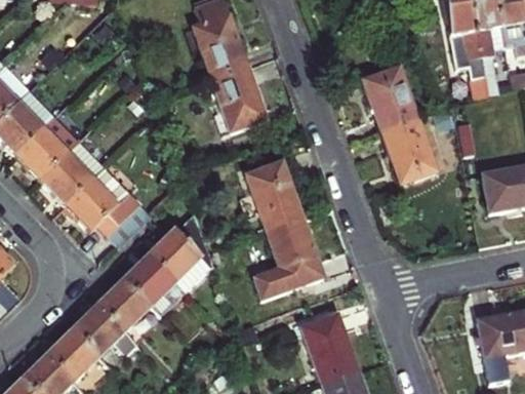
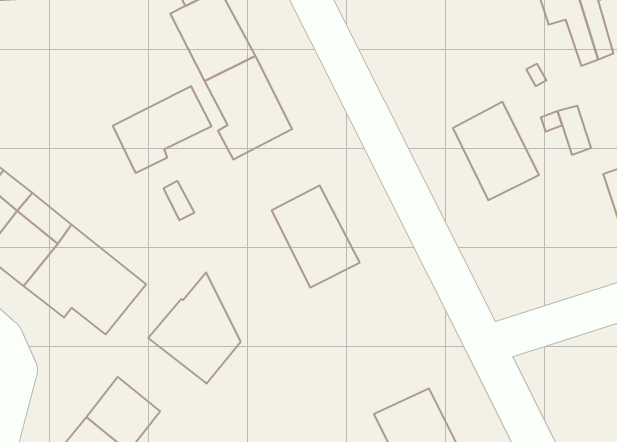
building: [361,67,416,131] -> none
building: none -> [113,86,212,173]
building: [253,218,323,299] -> none
building: [123,252,185,314] -> none

